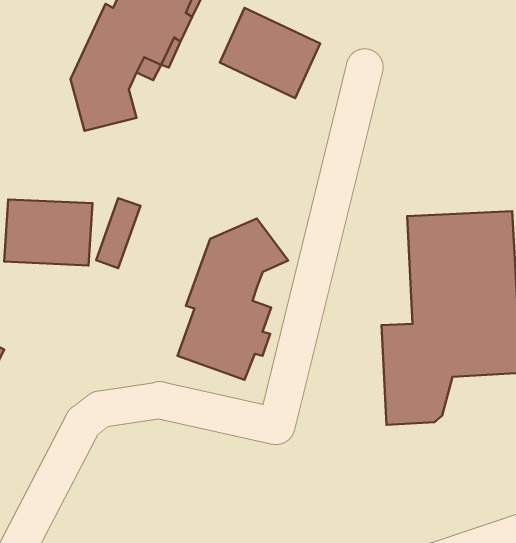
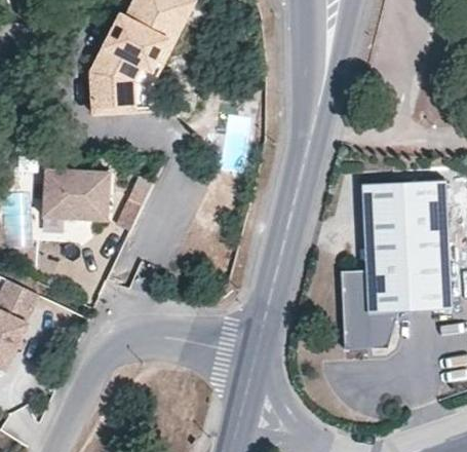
building: [220,8,320,98] -> none
building: [177,218,288,380] -> none

